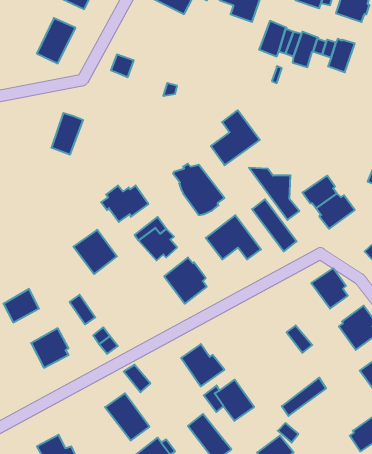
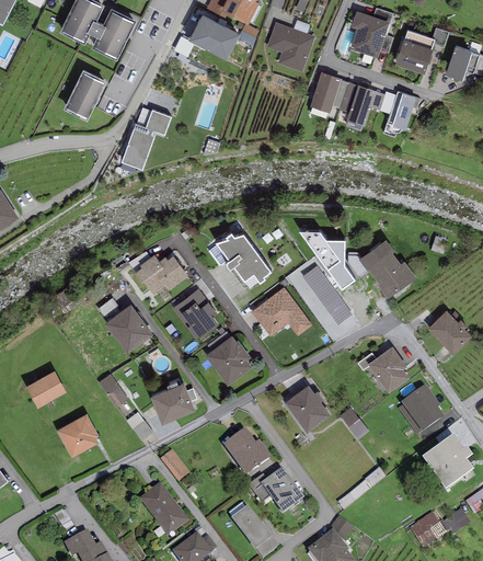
building: [211,110,260,165] -> none
building: [51,113,83,154] -> [122,122,157,168]
building: none -> [150,379,195,421]
building: none -> [284,383,331,432]

